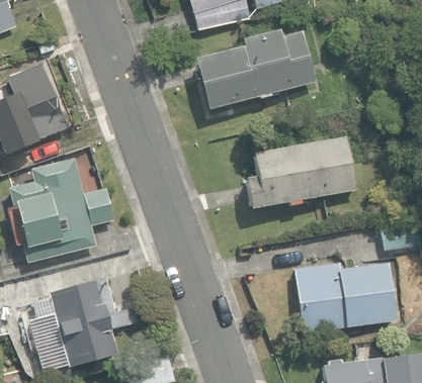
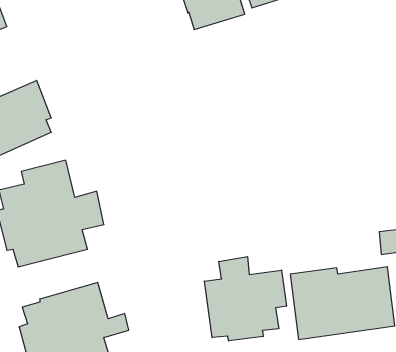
building: [194,28,315,110] -> none
building: [246,136,356,208] -> none
building: none -> [204,257,286,341]

